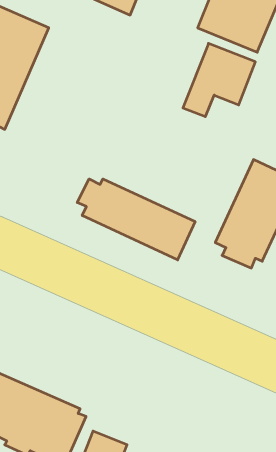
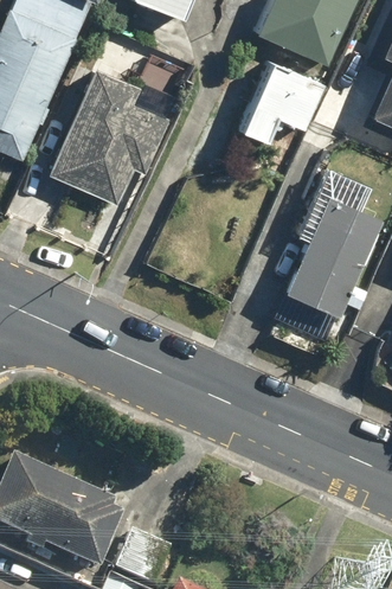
building: none -> [49,66,173,205]
building: [77,179,195,260] -> none

